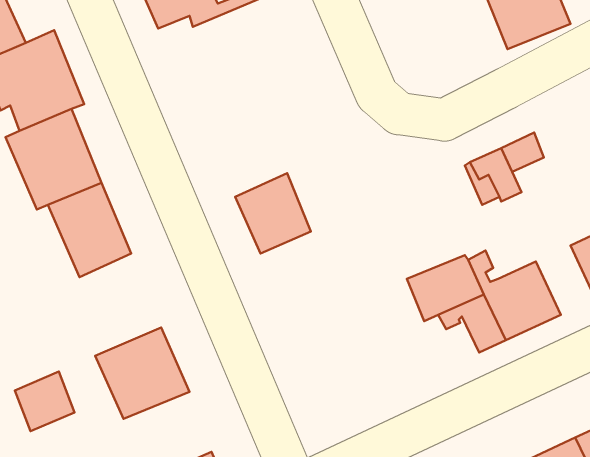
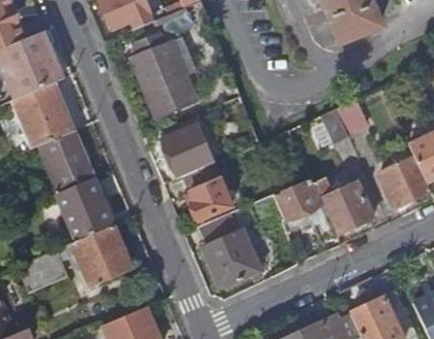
building: none -> [132,41,195,117]
building: none -> [184,162,230,219]
building: none -> [56,176,113,241]
building: none -> [198,209,261,285]

